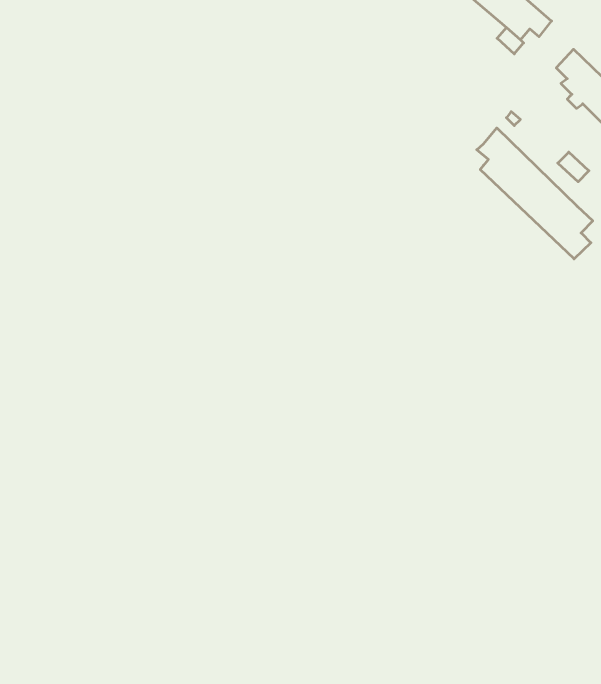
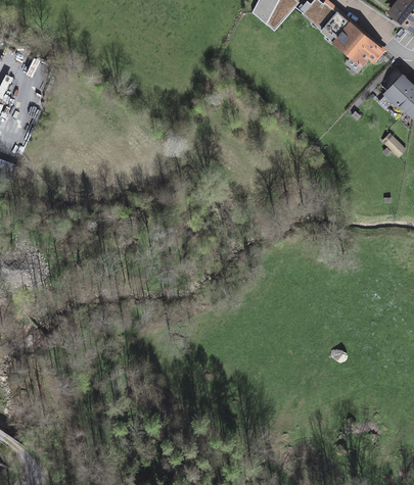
building: [477,128,593,259] -> none

